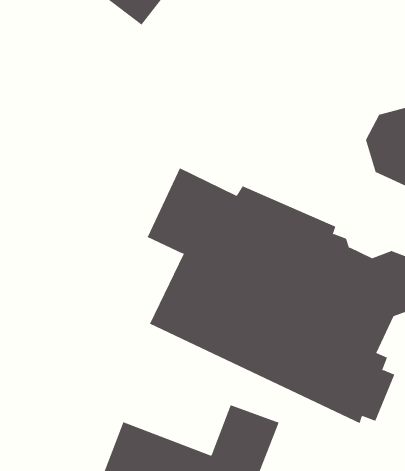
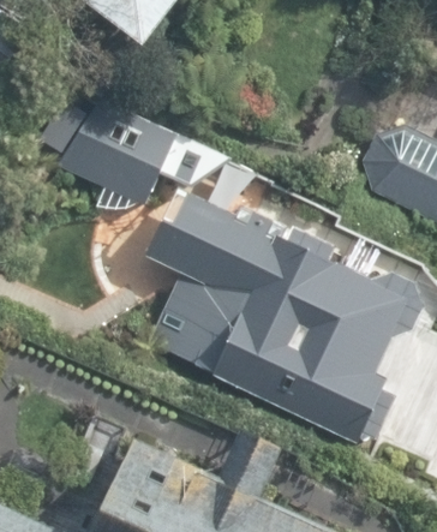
building: none -> [42,103,237,205]

